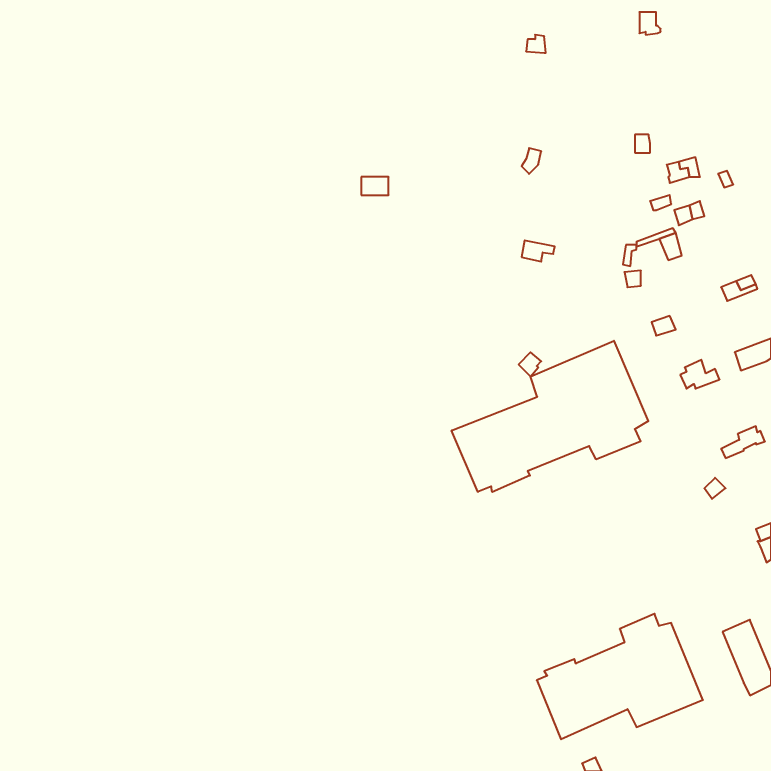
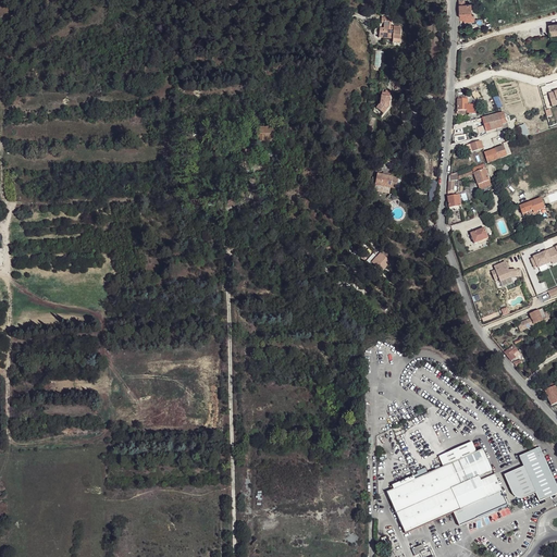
building: [452,341,648,492] -> none
building: none -> [504,466,535,496]

